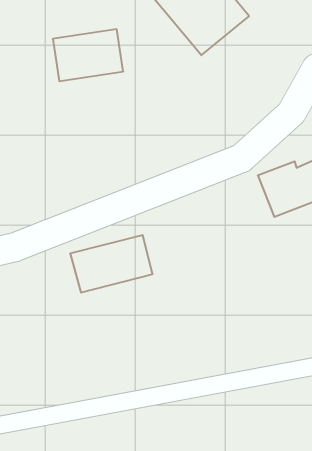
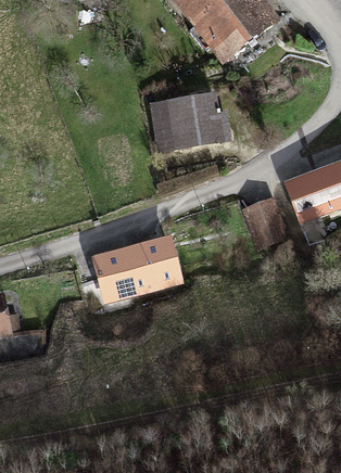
building: [53,29,123,81] -> [152,97,223,149]
building: none -> [244,202,287,246]

